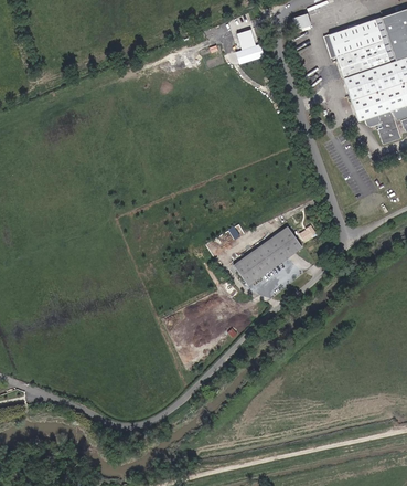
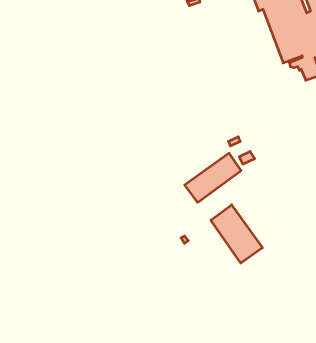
building: none -> [211,205,262,263]

